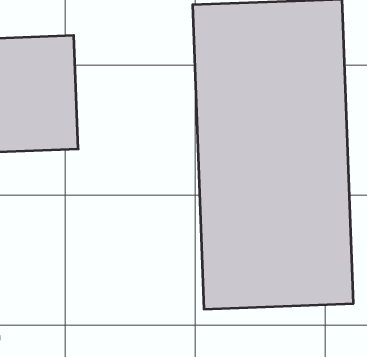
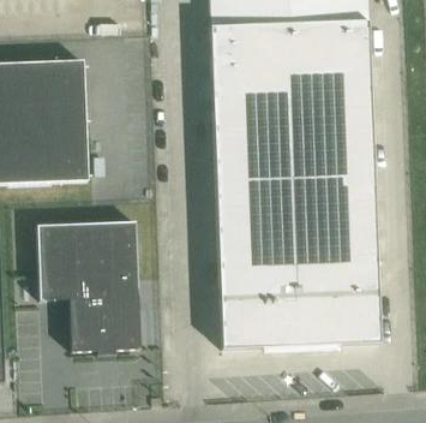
building: none -> [37,220,142,355]

